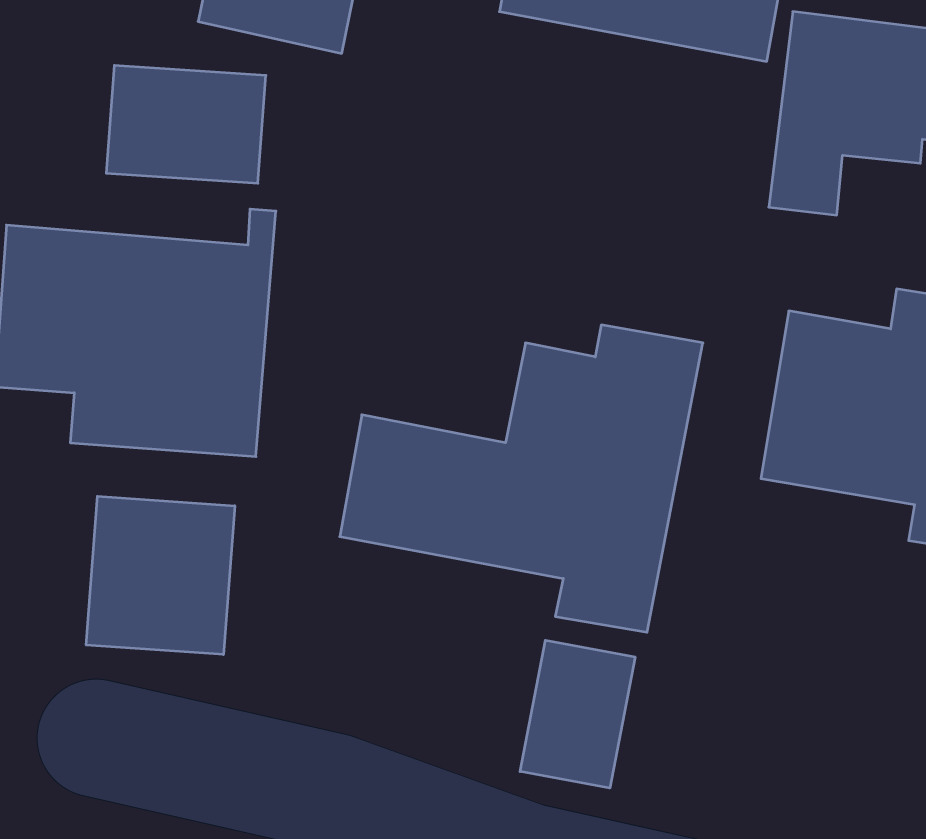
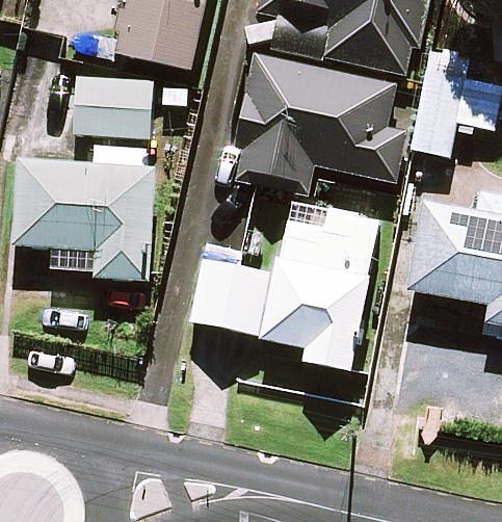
building: none -> [232,54,404,184]
building: [86,496,235,655] -> none
building: [520,640,635,788] -> none

